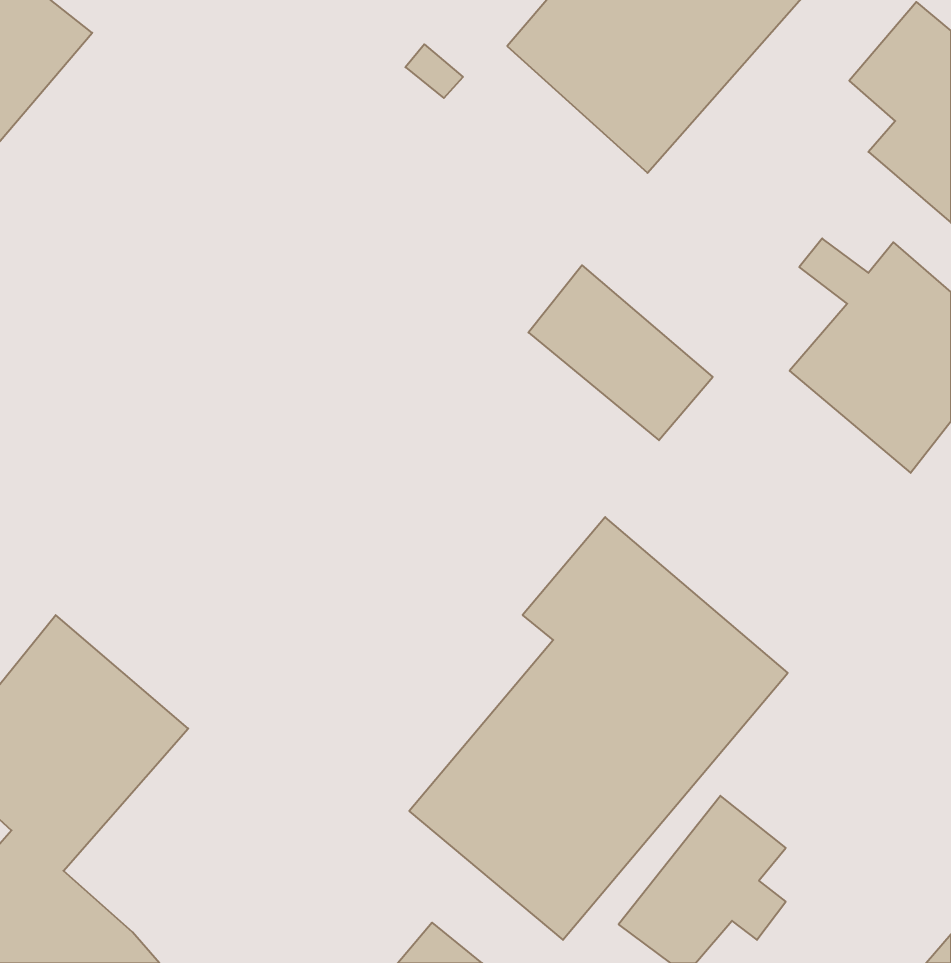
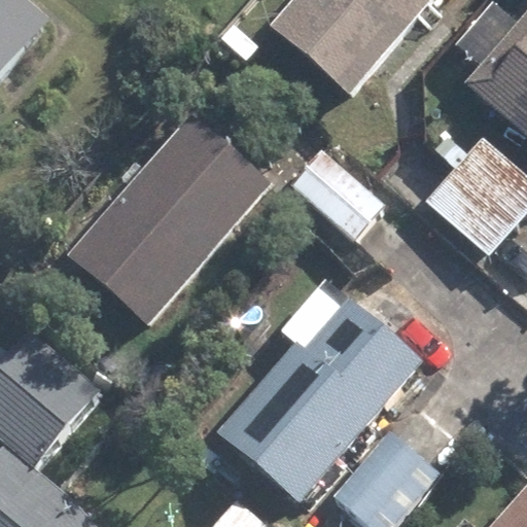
building: none -> [72,114,273,322]

